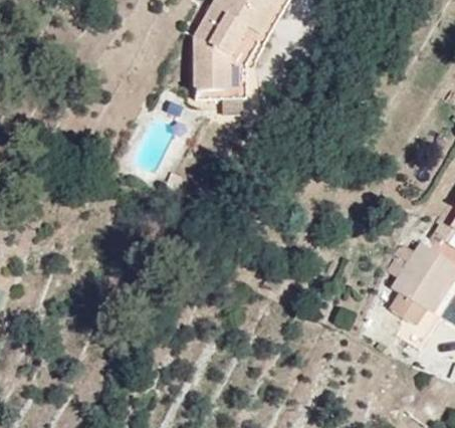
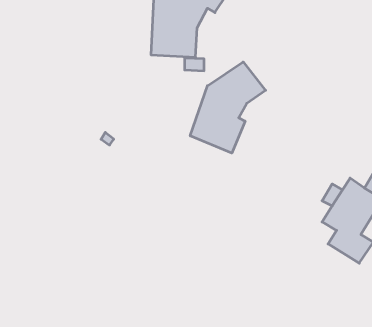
building: none -> [190,62,266,153]

